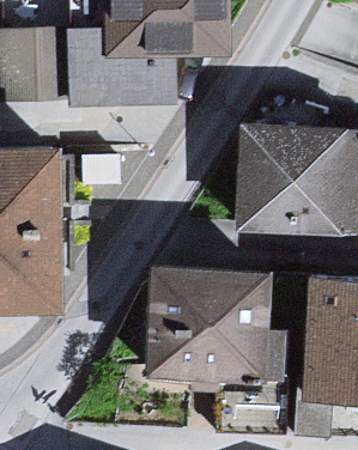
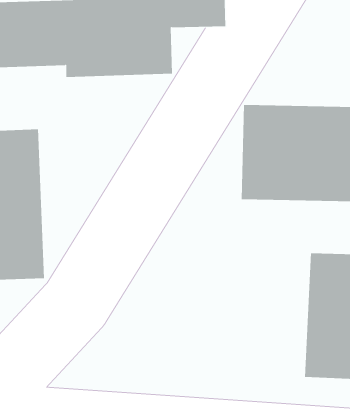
building: [152,275,273,378] -> none

